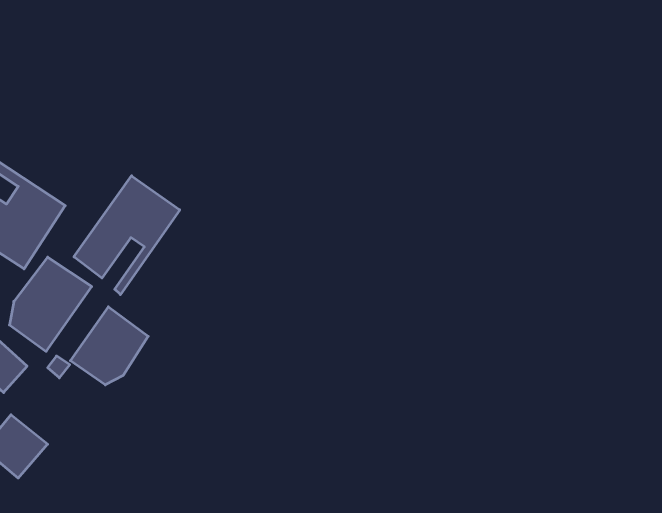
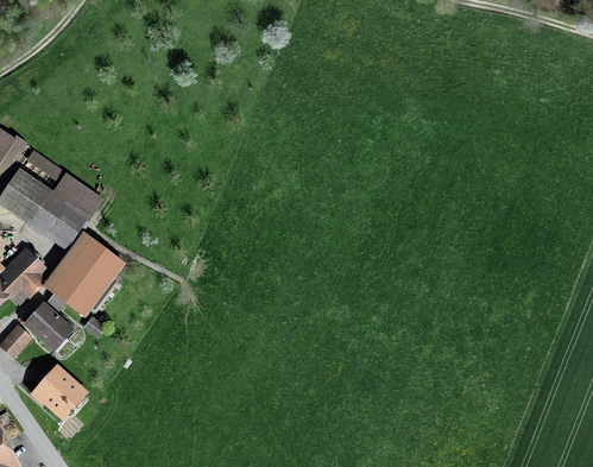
building: [74,176,180,295] -> none
building: [70,307,148,385] -> none

